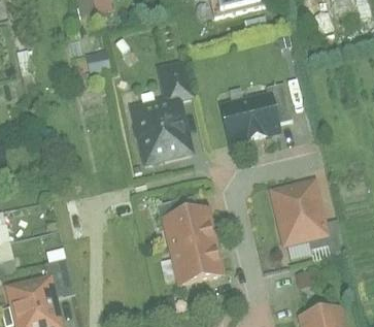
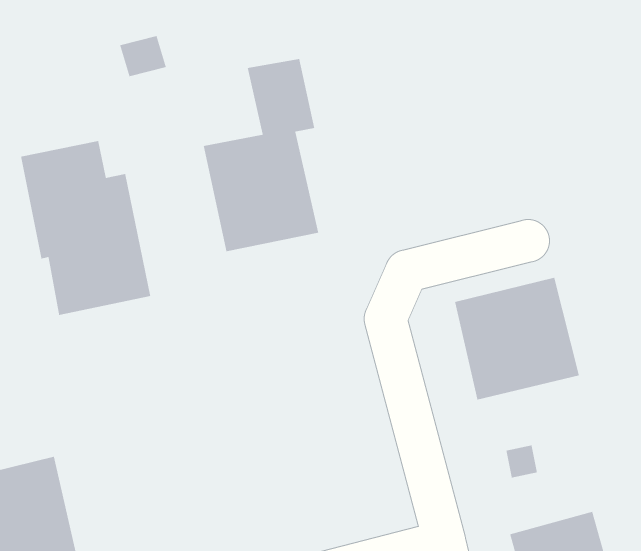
building: [217,92,283,142] -> none
building: none -> [20,140,151,316]
building: [159,204,226,286] -> none

